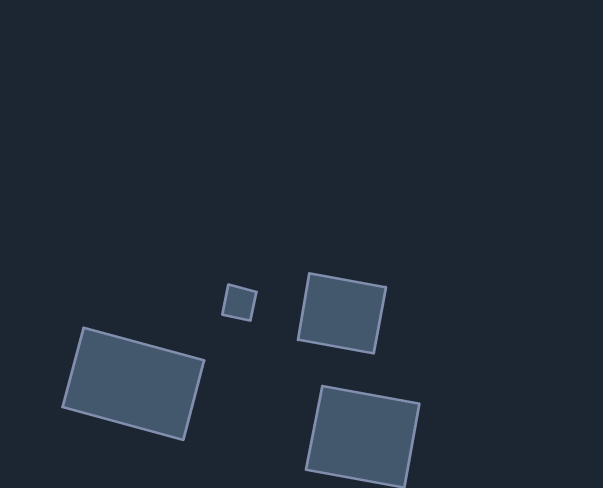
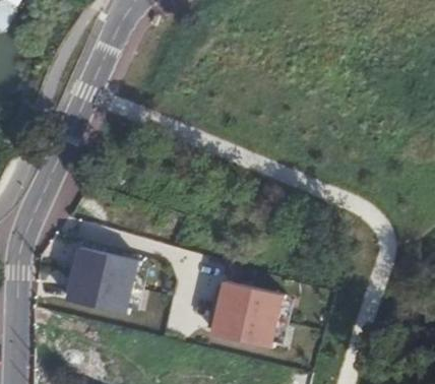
building: [298,273,386,353] -> none

